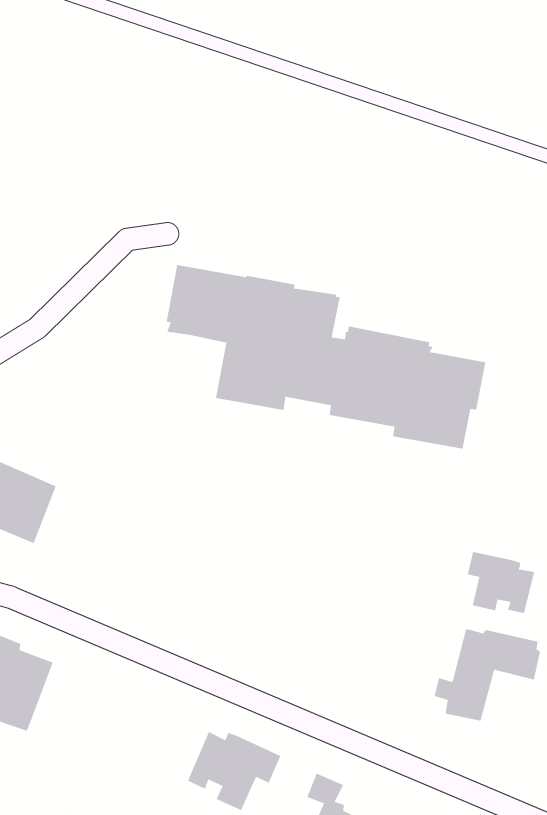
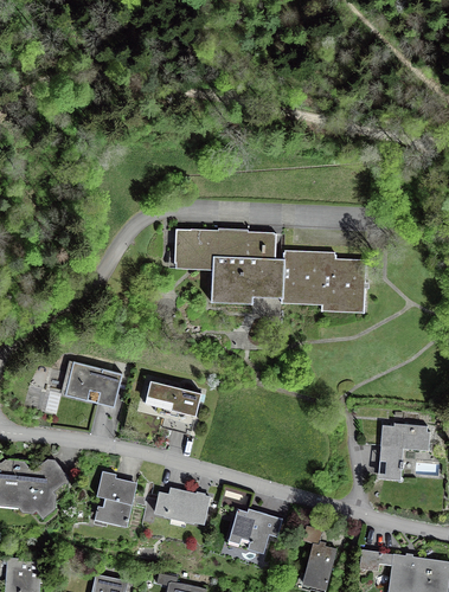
building: none -> [145,382,206,420]
building: [467,551,535,614] -> none
building: none -> [154,487,211,526]

